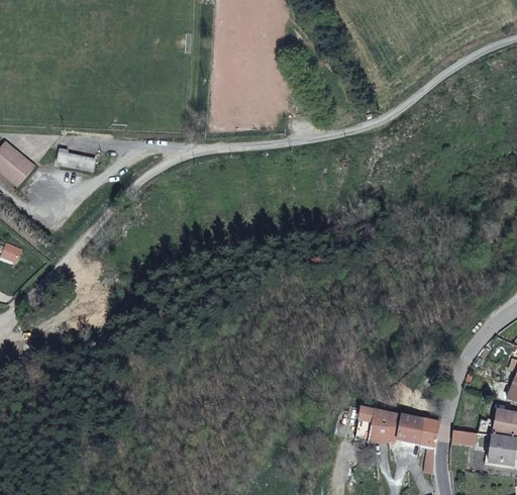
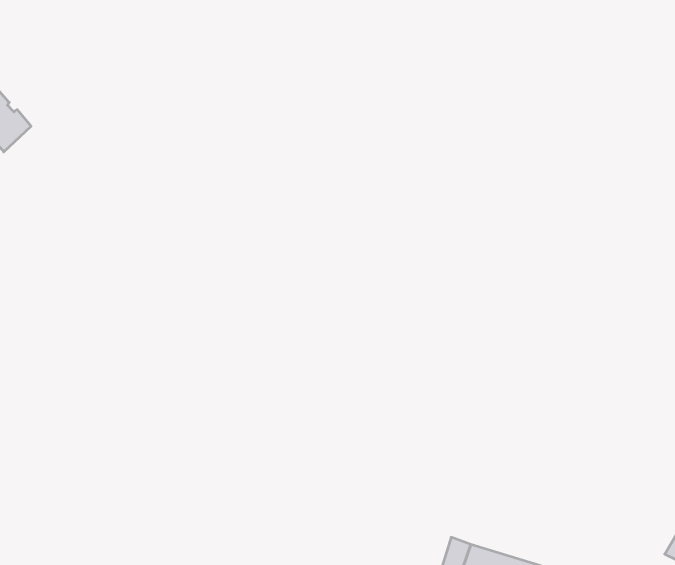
building: [59,148,96,170] -> none

